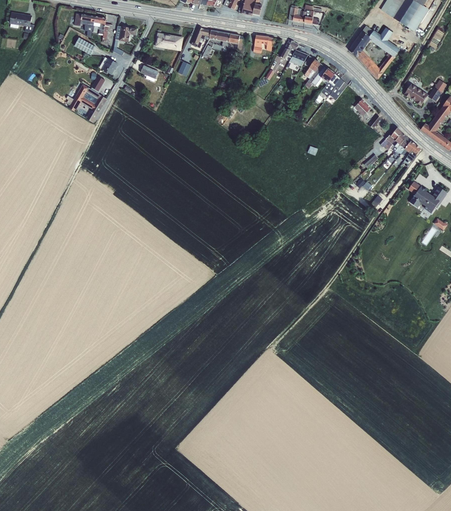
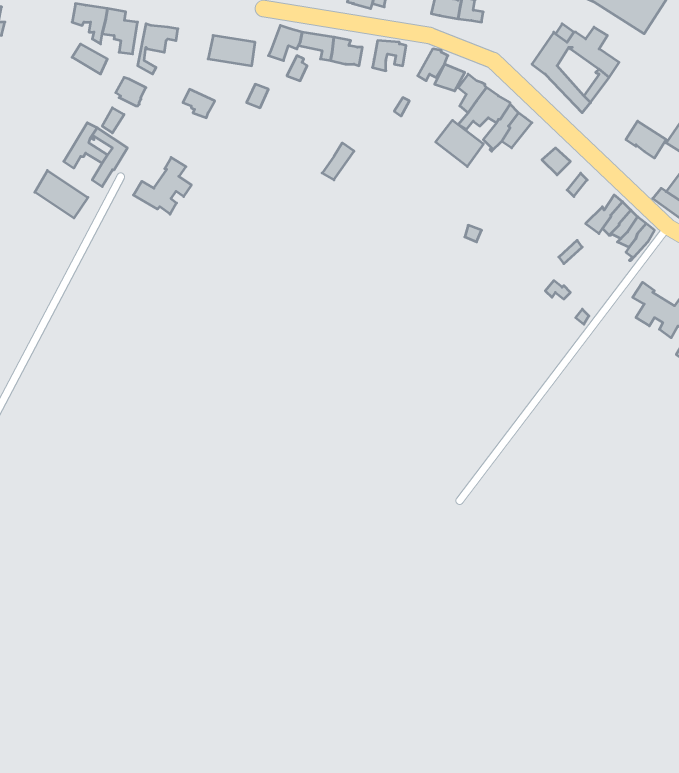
building: none -> [436,120,483,167]
building: none -> [133,157,191,214]
building: none -> [35,170,88,218]

